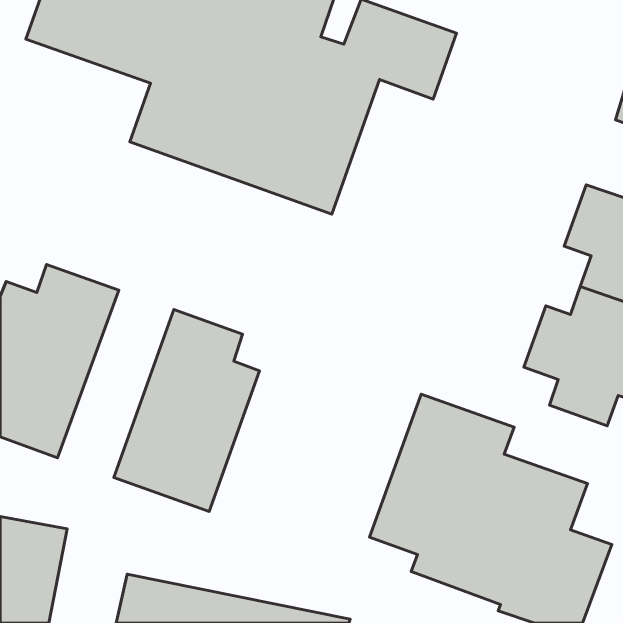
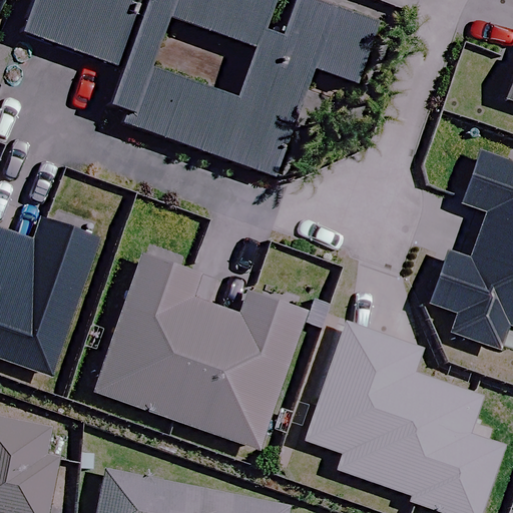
building: none -> [173,290,307,449]

